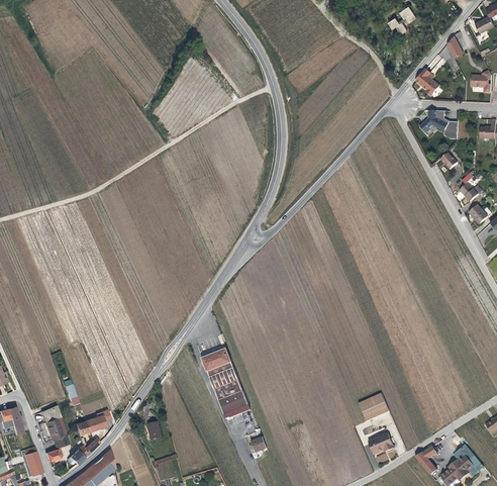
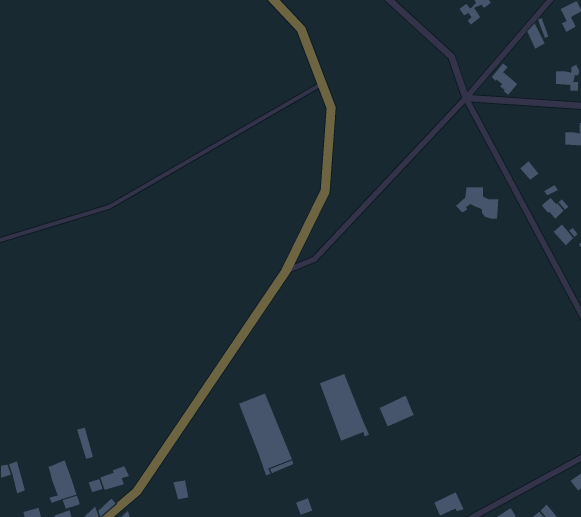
building: [420,112,458,139] -> [455,187,499,219]
building: none -> [319,373,370,441]
building: [358,394,388,421] -> [379,395,414,427]

